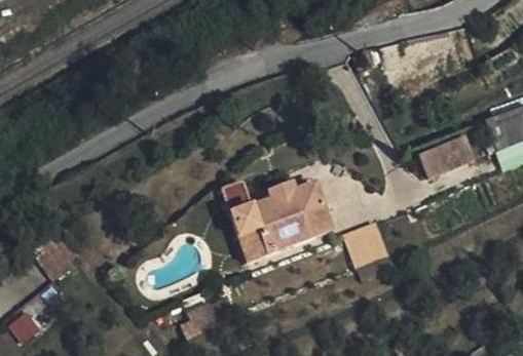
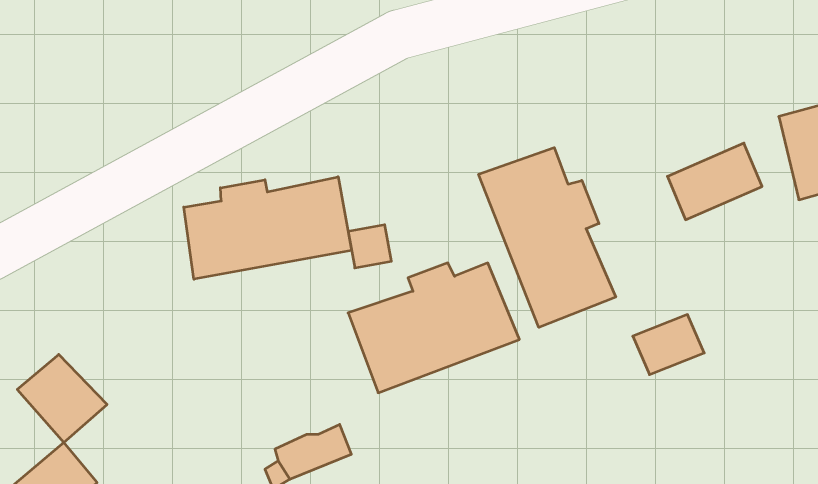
building: none -> [479,148,616,327]
building: none -> [184,177,352,279]
building: [347,232,391,269] -> [633,315,704,375]

